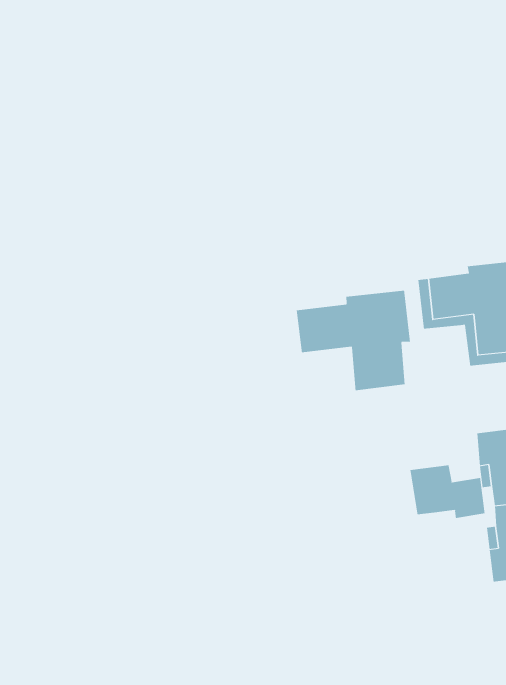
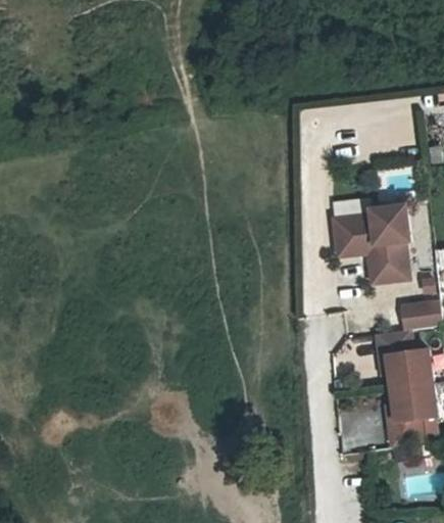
building: [296,290,410,391] -> none
building: [410,465,485,519] -> none

